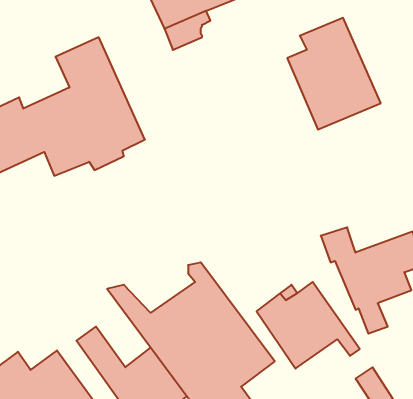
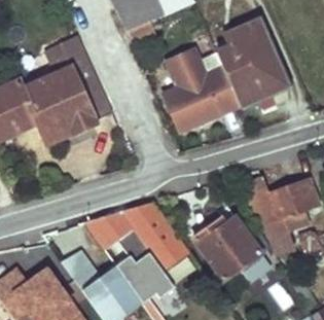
building: none -> [166,47,240,130]
building: none -> [97,204,149,239]

